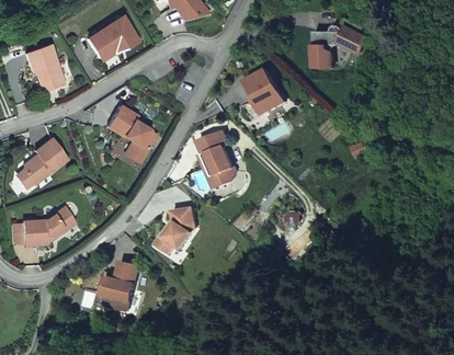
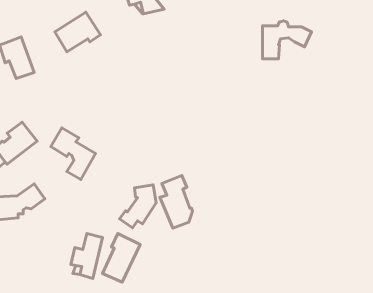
building: [246,69,287,121] -> none
building: [106,105,156,162] -> [51,128,96,179]
building: [202,131,238,190] -> [160,175,193,228]
building: none -> [103,233,140,282]

